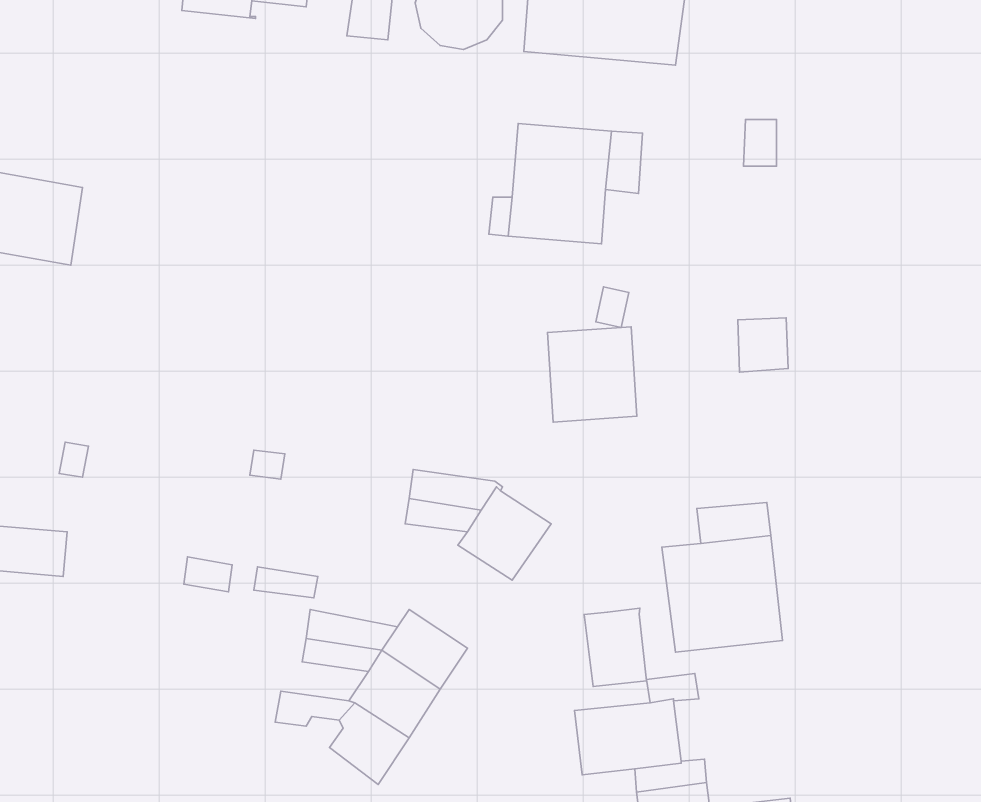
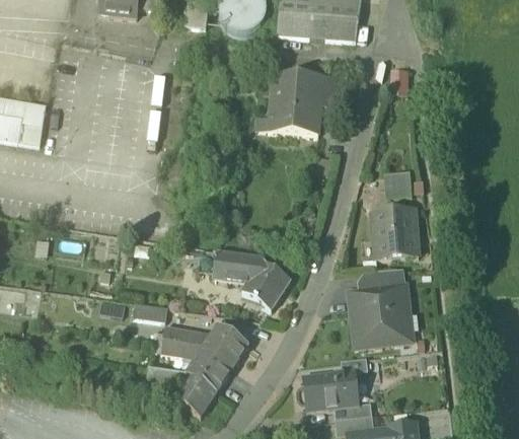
building: [547,327,637,422] -> [372,210,419,260]
building: [584,608,646,686] -> none

